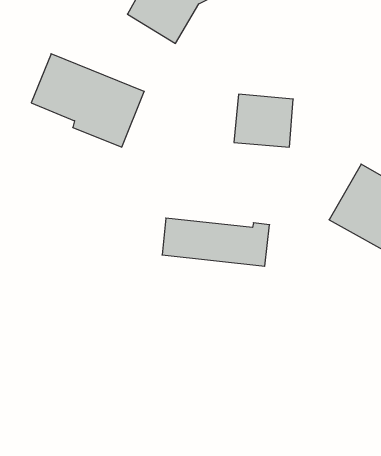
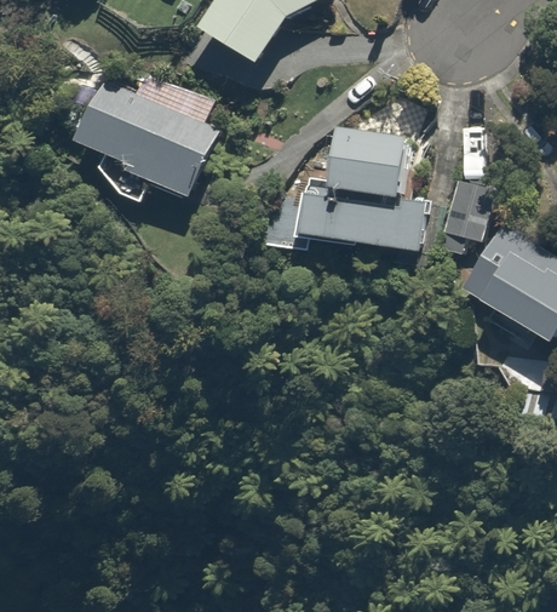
building: none -> [437,177,487,240]
building: [162,218,270,266] -> [288,190,426,252]

